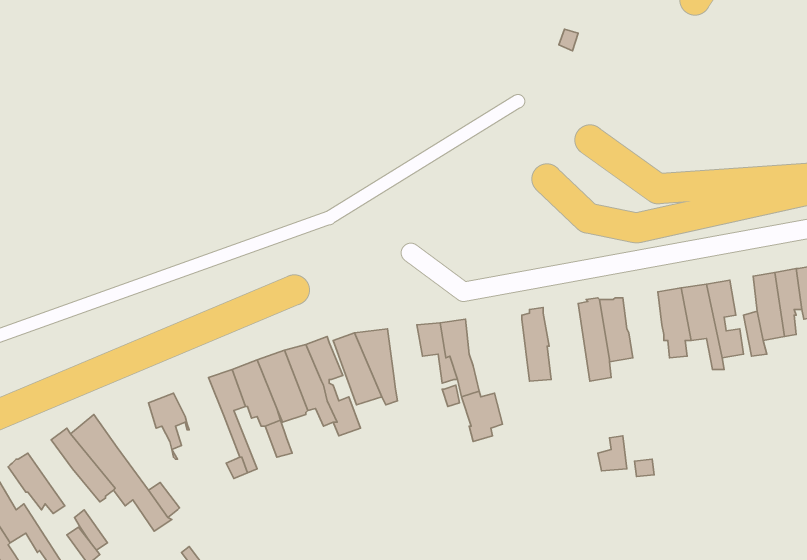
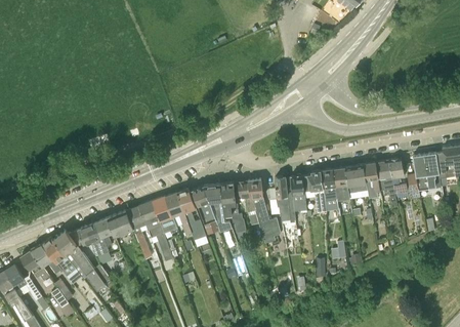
building: none -> [344,165,366,194]
building: none -> [302,171,327,213]
building: none -> [275,177,295,223]
building: none -> [220,183,246,234]
building: none -> [108,210,134,238]
building: none -> [78,223,109,258]
building: none -> [31,243,69,277]

